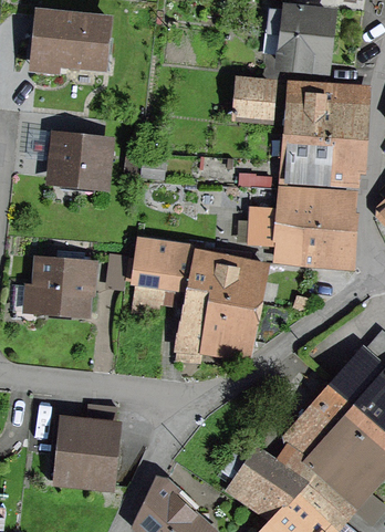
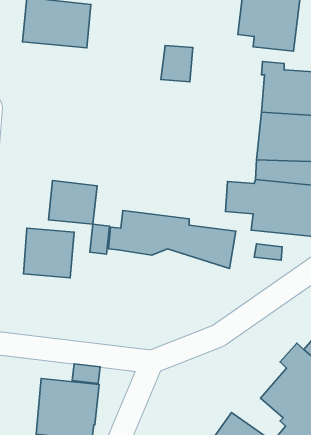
building: [239,82,273,121] -> [161,45,193,82]
building: [56,138,108,185] -> [48,181,97,224]
building: [136,282,258,357] -> none

